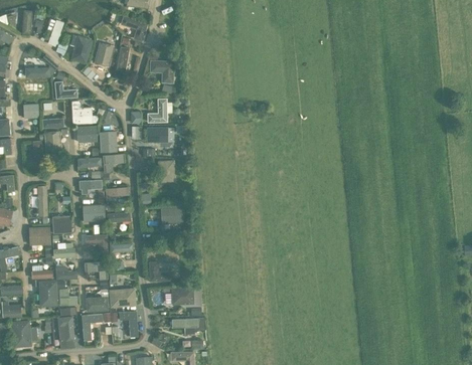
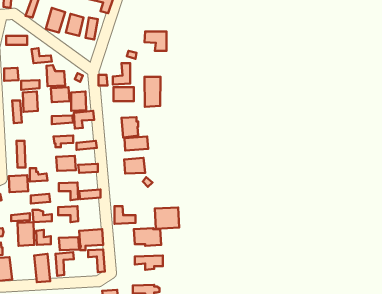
building: [148,60,173,82] -> [144,31,166,51]
building: none -> [144,77,160,107]
building: none -> [124,137,148,150]
building: none -> [155,207,179,229]

